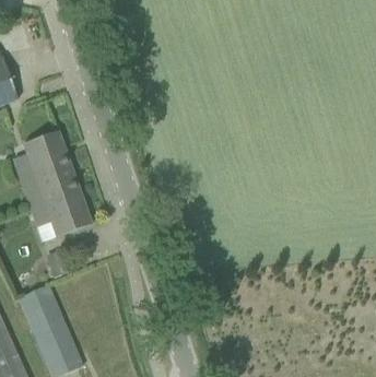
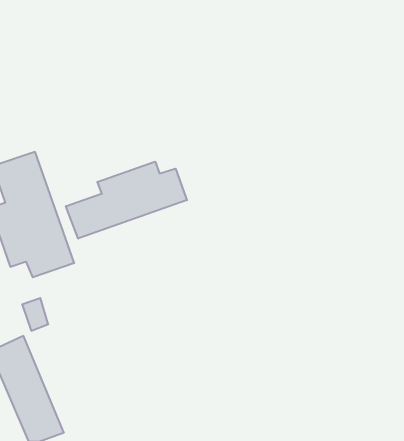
building: none -> [66,162,187,239]

